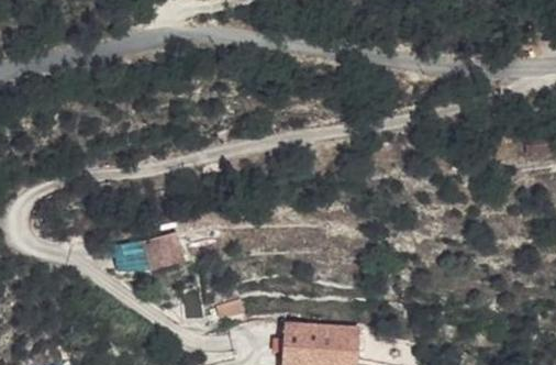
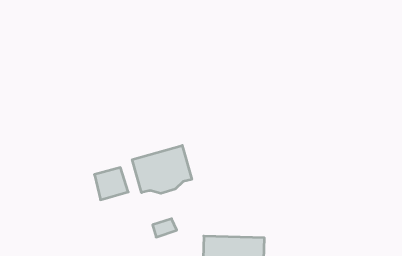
building: none -> [132,145,192,193]

